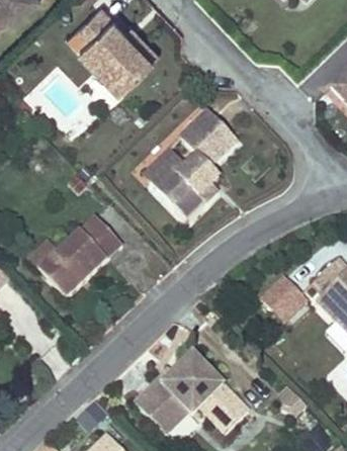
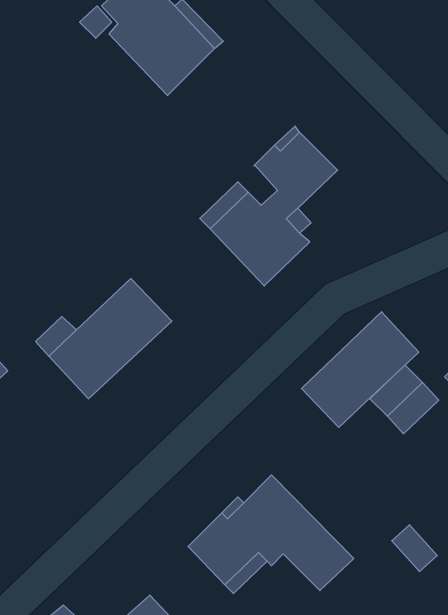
building: none -> [301,312,419,427]

